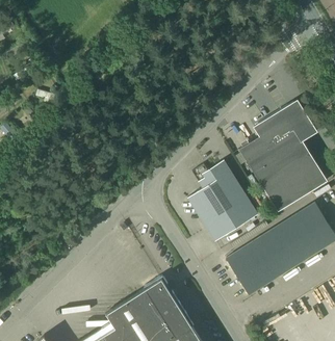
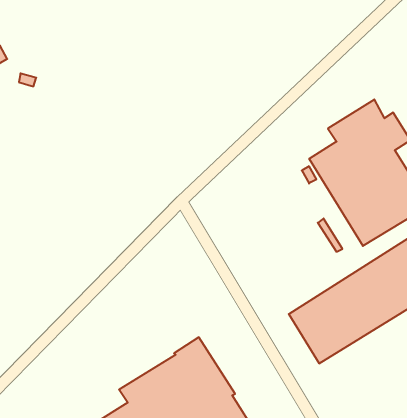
building: [187,161,258,242] -> none

